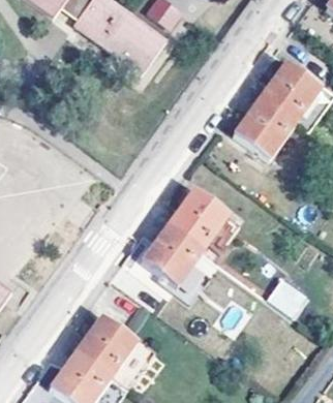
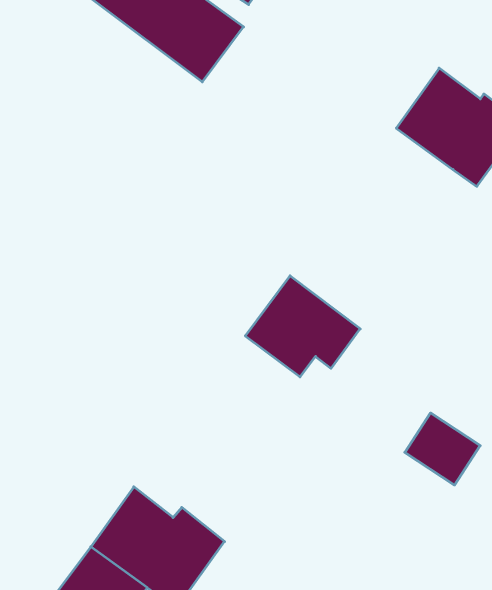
building: [233,100,292,159] -> none
building: [142,225,200,284] -> none

